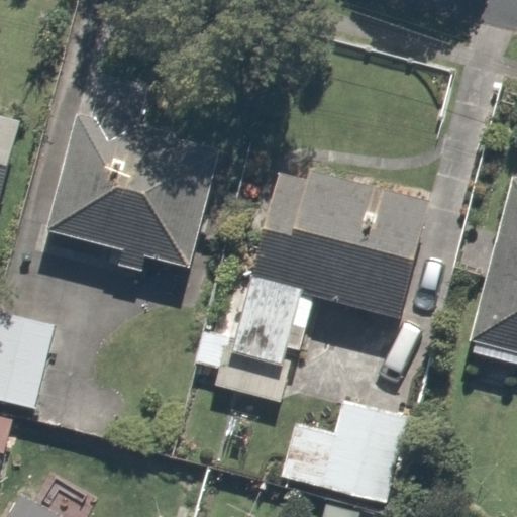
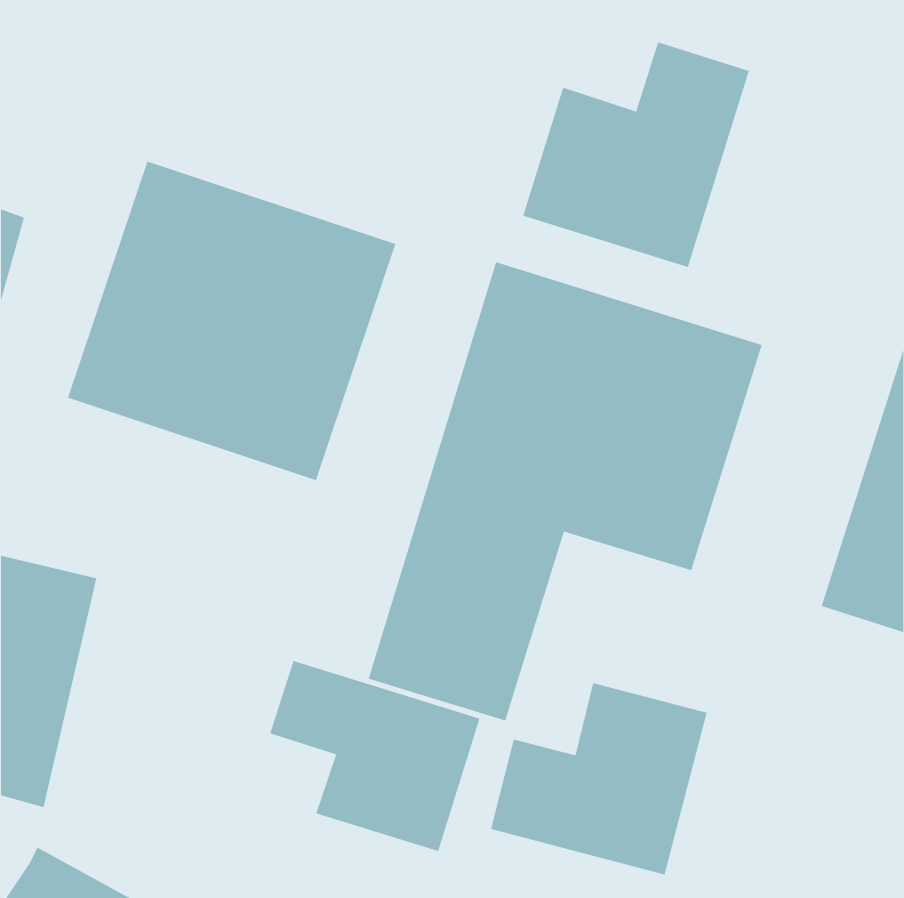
building: none -> [523,41,750,268]
building: none -> [269,660,480,852]

